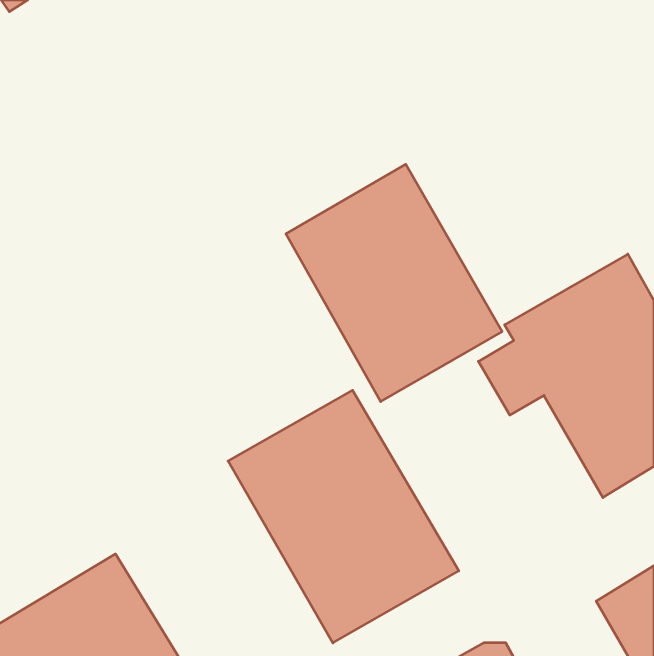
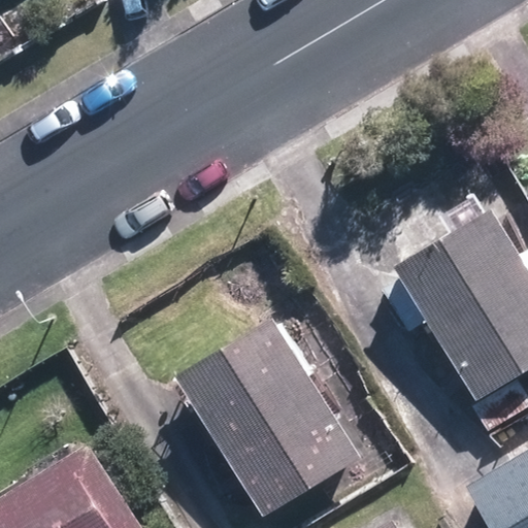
building: [286,164,502,402] -> none

